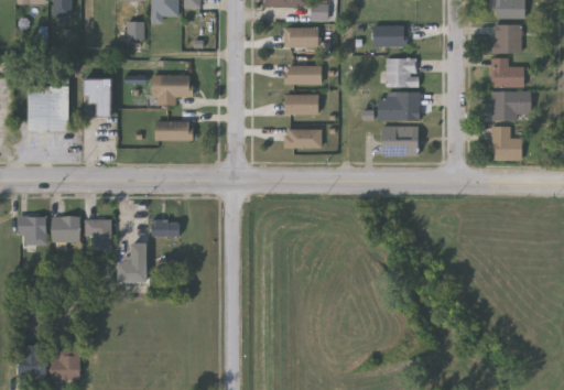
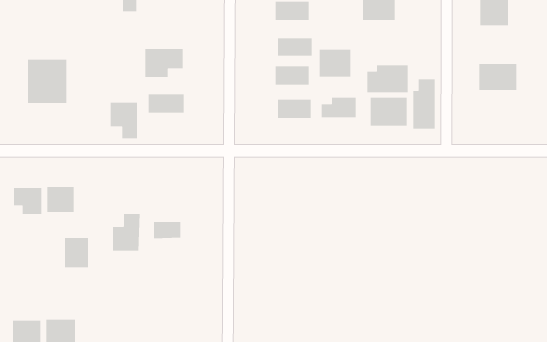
building: [386,58,419,87] -> [319,49,351,77]
building: [492,58,523,87] -> none
building: [85,80,113,118] -> [110,102,138,139]
building: none -> [413,79,435,129]
building: none -> [321,97,356,118]
building: [492,128,521,161] -> none
building: [85,220,110,251] -> [64,237,89,268]
building: [150,220,178,238] -> [153,222,181,239]

